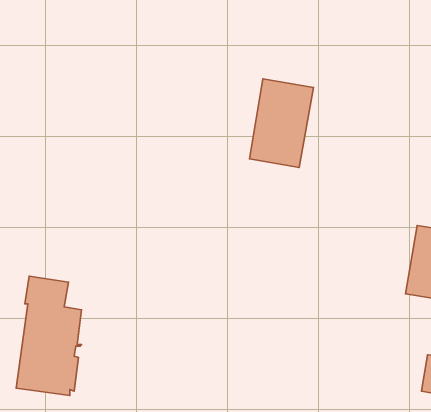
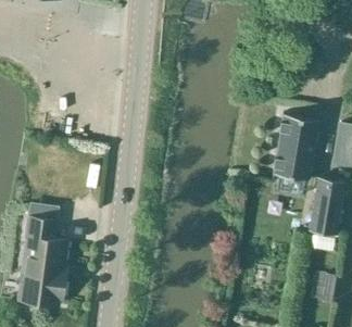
building: [250,79,314,167] -> [274,116,322,183]

